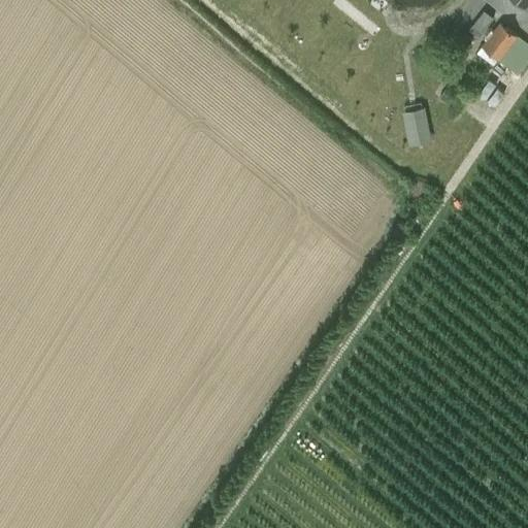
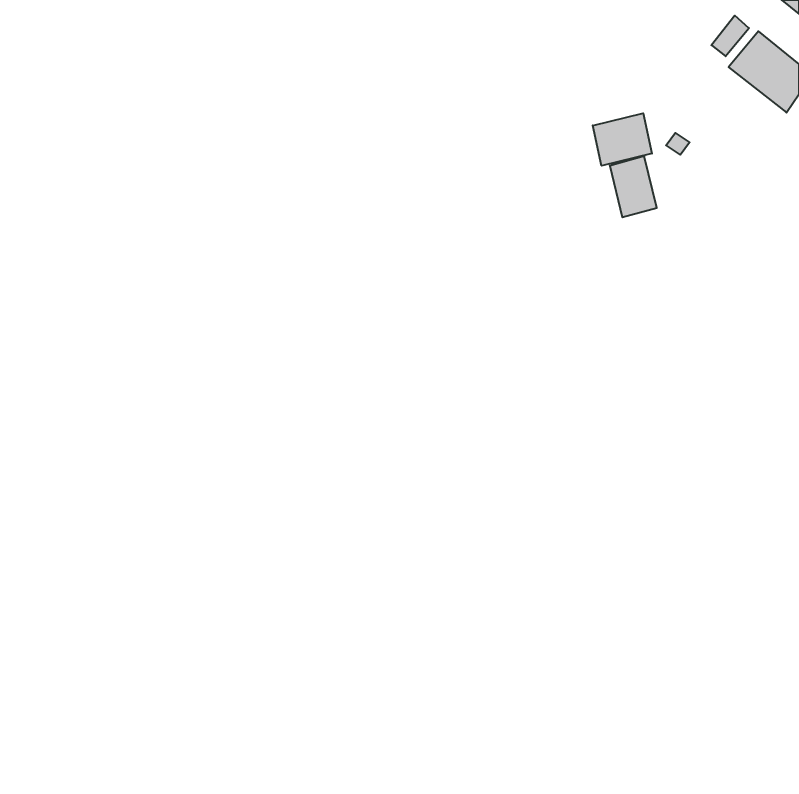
building: none -> [593,113,652,166]

